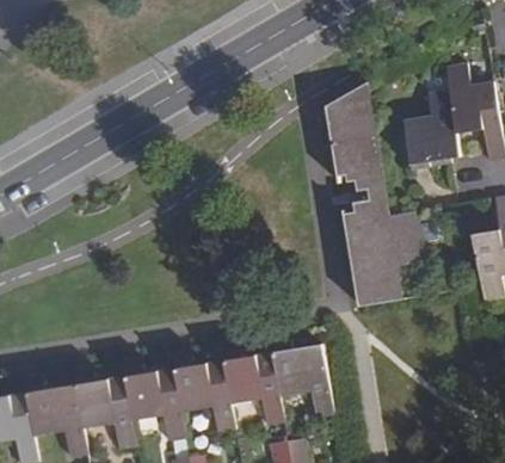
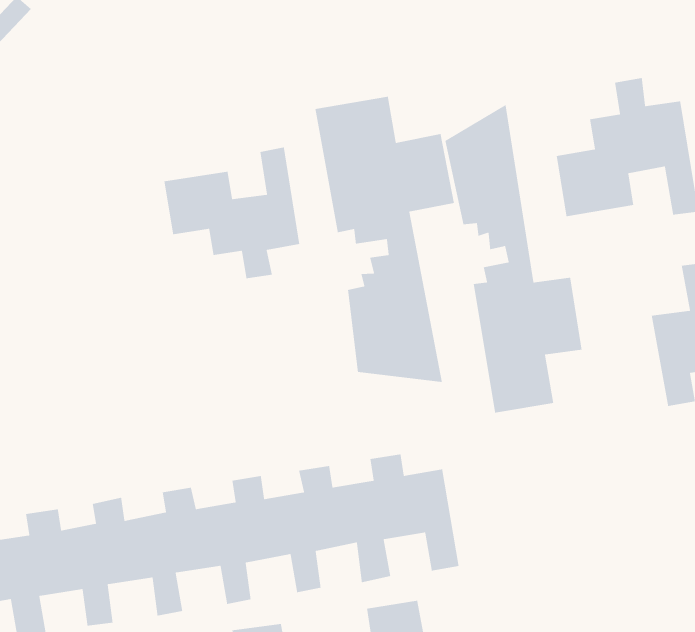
building: none -> [314,96,455,383]
building: none -> [163,146,300,279]

